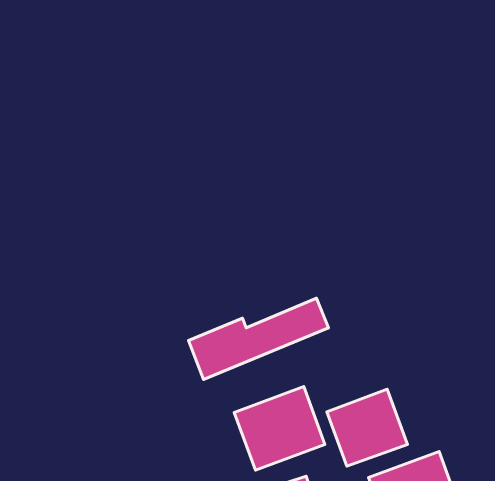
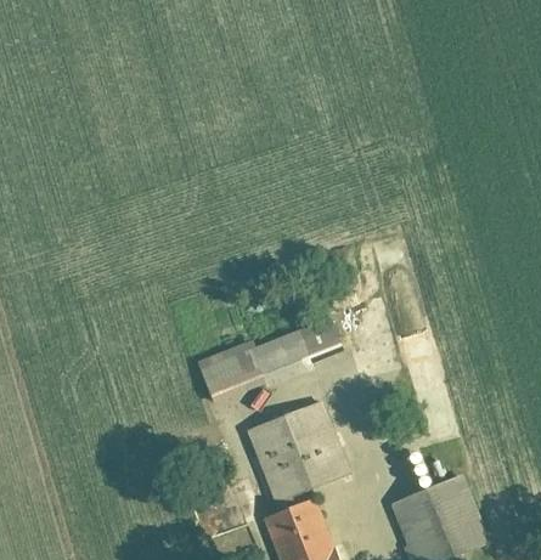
building: [327,389,408,466] -> none

